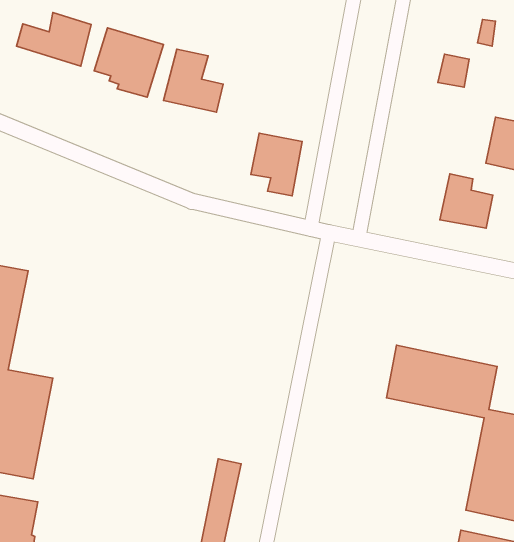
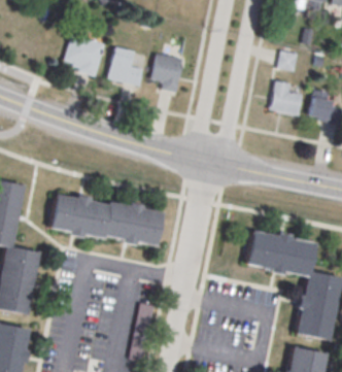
building: [16,13,91,66] -> none
building: [251,133,302,196] -> [153,53,185,92]
building: [440,174,493,228] -> [272,80,305,114]
building: none -> [52,194,165,246]

